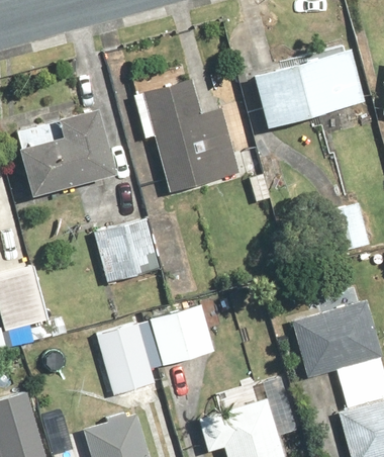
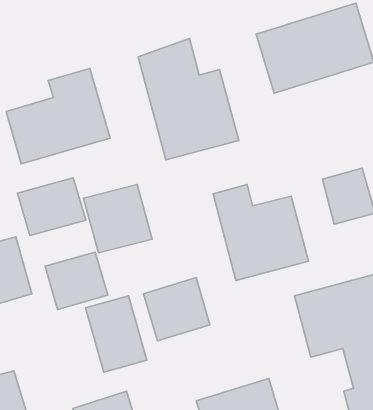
building: none -> [17,178,86,236]
building: none -> [213,184,308,280]
building: none -> [45,252,108,309]

